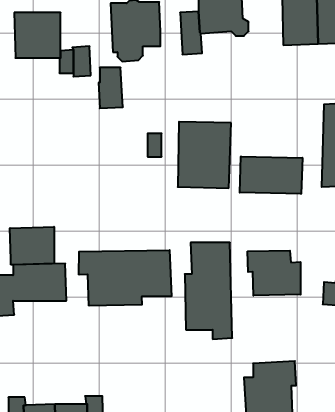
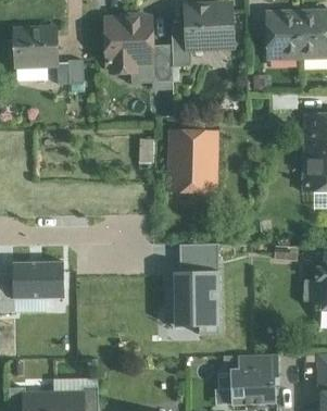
building: [99,68,123,108] -> [150,45,173,83]
building: [240,156,302,194] -> none
building: [10,227,54,265] -> none
building: [79,250,171,306] -> none
building: [248,251,301,296] -> none

